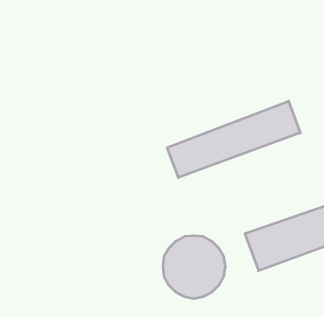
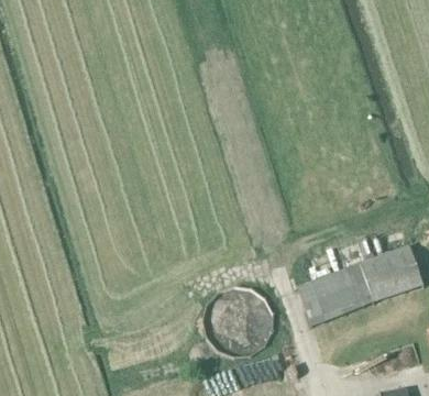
building: [167,101,300,178] -> none

